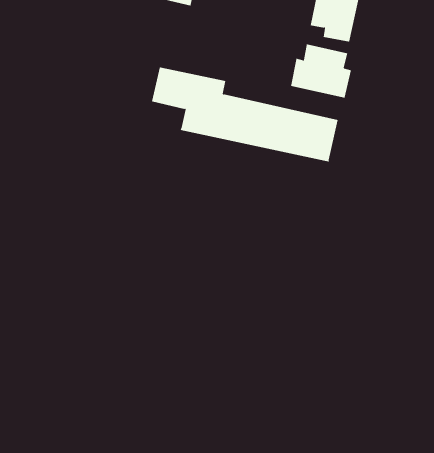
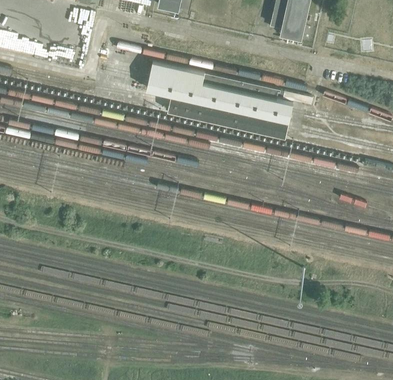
building: [291,43,351,98] -> none

